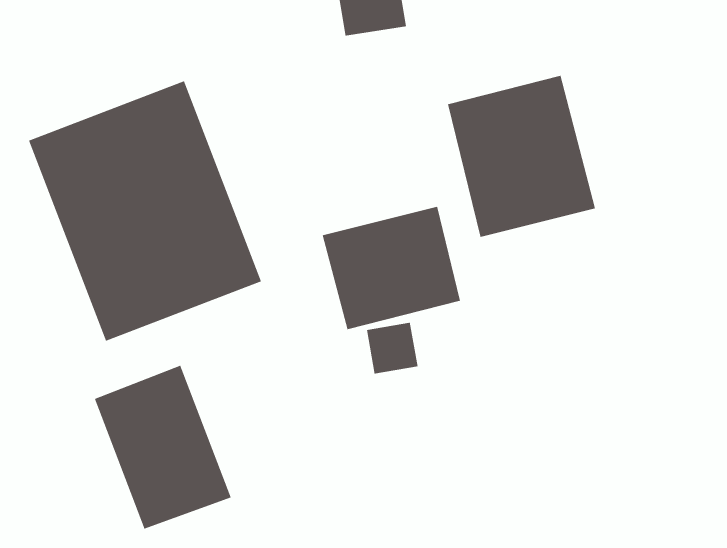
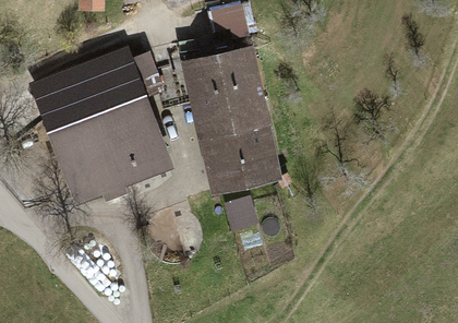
building: [447,75,596,238] -> [184,48,268,140]
building: [94,365,231,530] -> none

